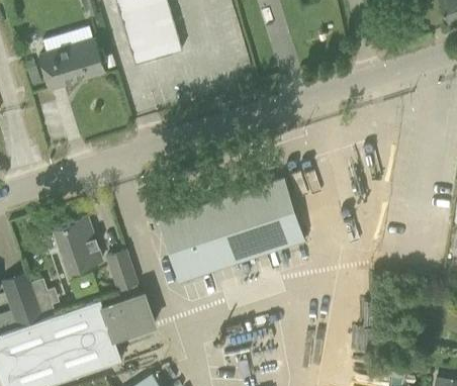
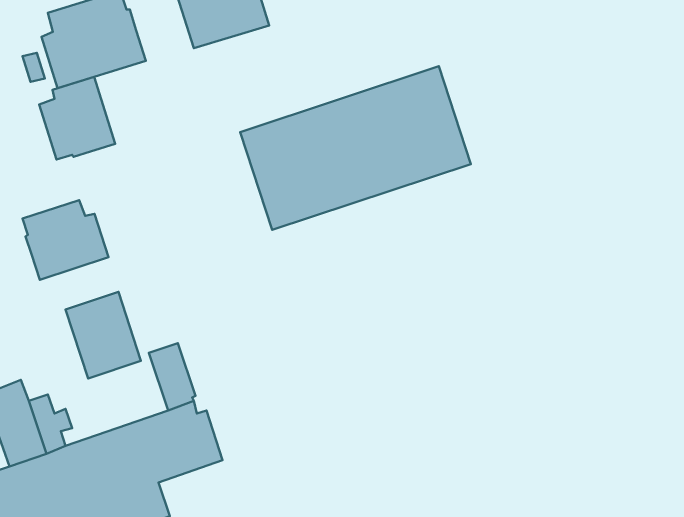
building: none -> [39,77,115,159]
building: none -> [23,200,109,280]
building: [158,179,303,282] -> [240,66,471,230]

